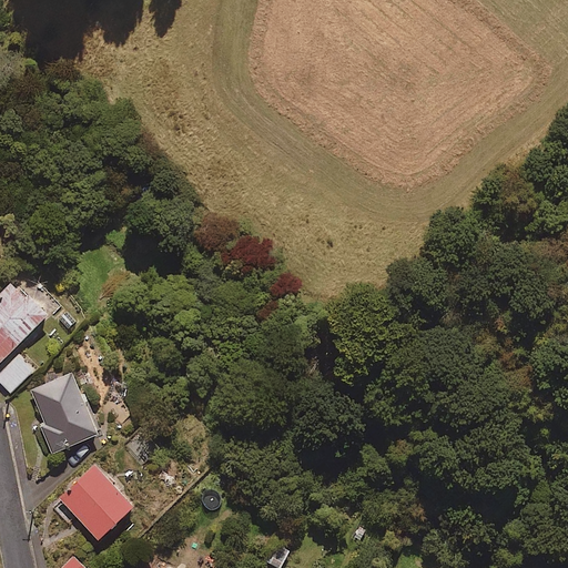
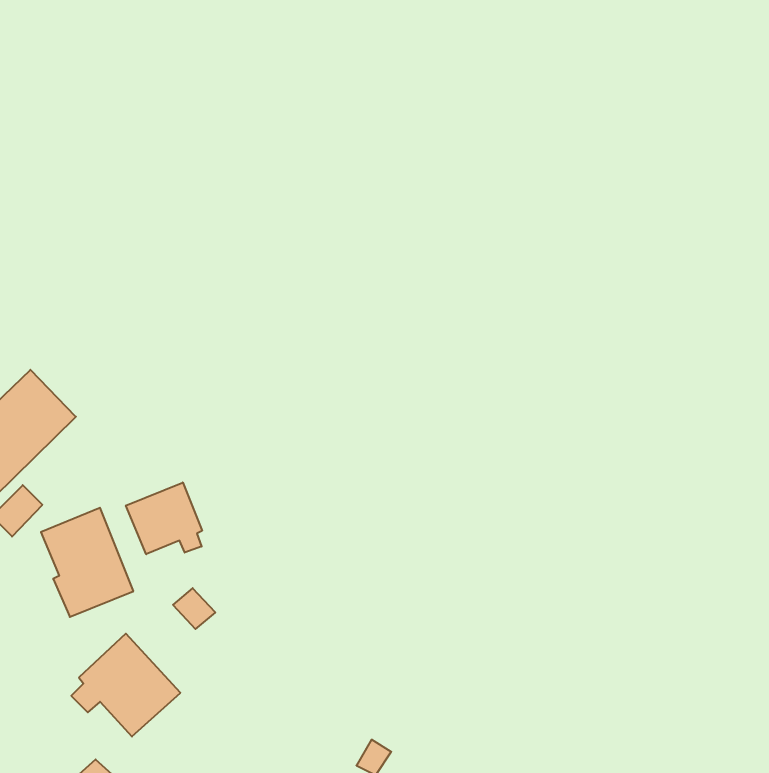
building: none -> [126,482,202,554]

